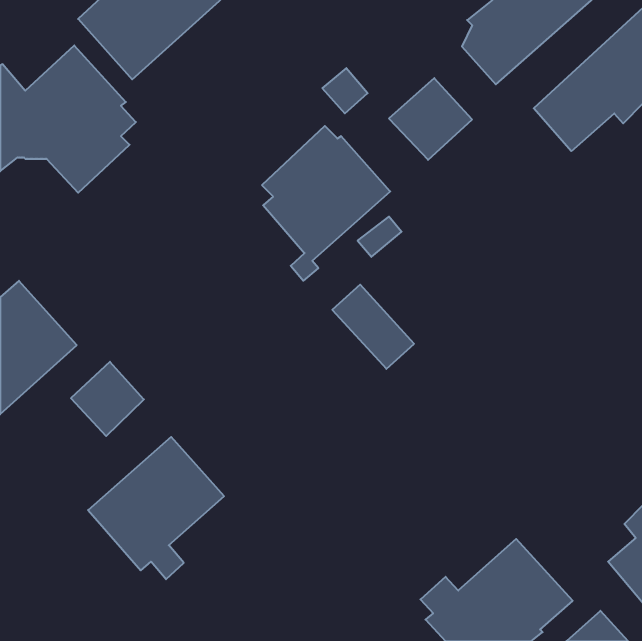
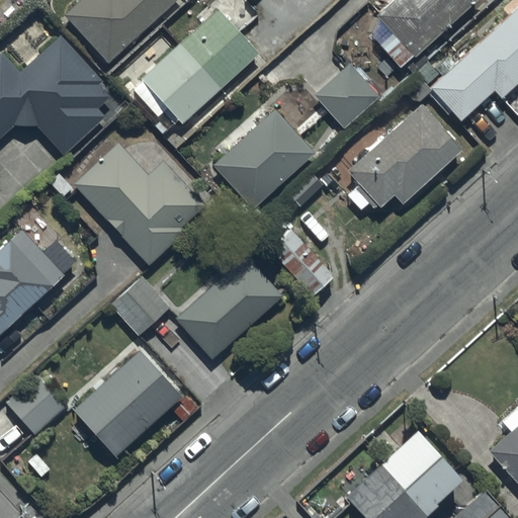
building: none -> [133,10,258,123]
building: none -> [347,104,462,210]
building: none -> [74,142,205,265]
building: none -> [175,254,284,360]
building: [71,362,144,436] -> [111,274,170,334]
building: none -> [7,374,65,433]

